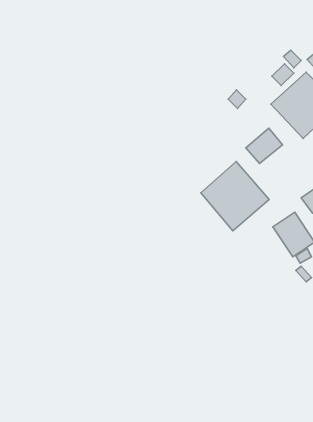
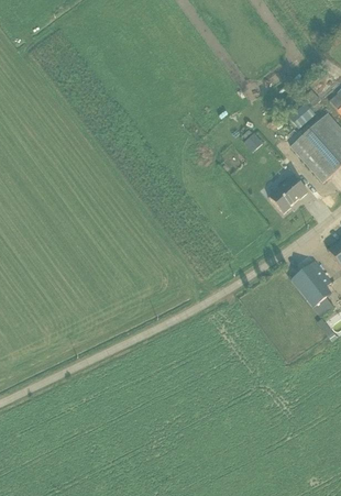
building: [201,162,269,231] -> none

